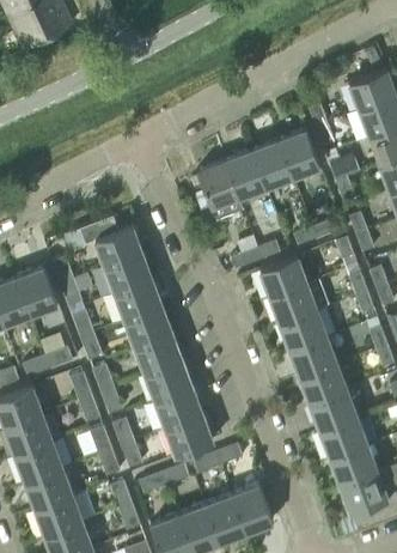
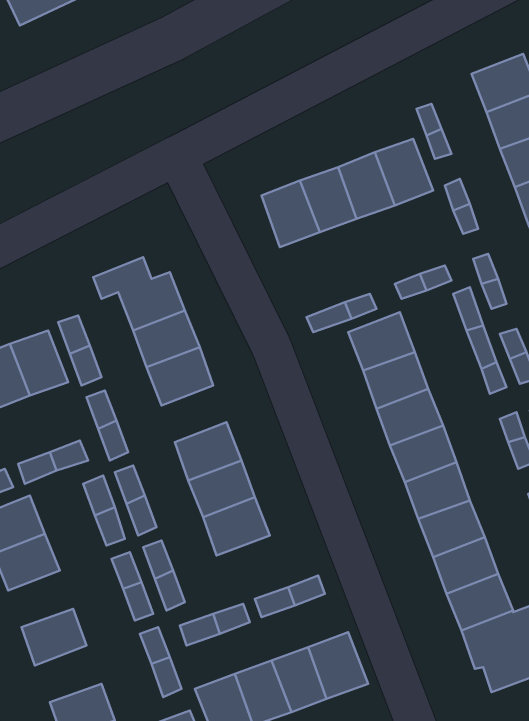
building: [126,308,172,348] -> none
building: [165,415,213,457] -> none
building: [16,440,62,481] -> none
building: [35,494,83,535] -> none

